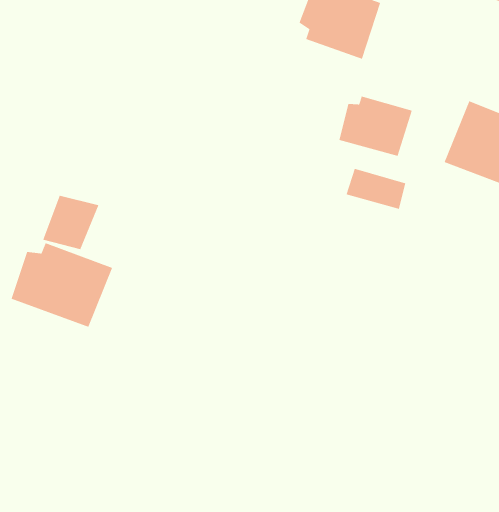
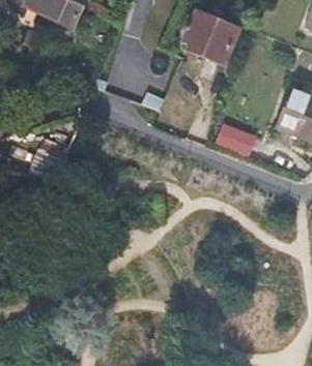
building: [339,95,413,157] -> none
building: [10,242,113,328] -> none

